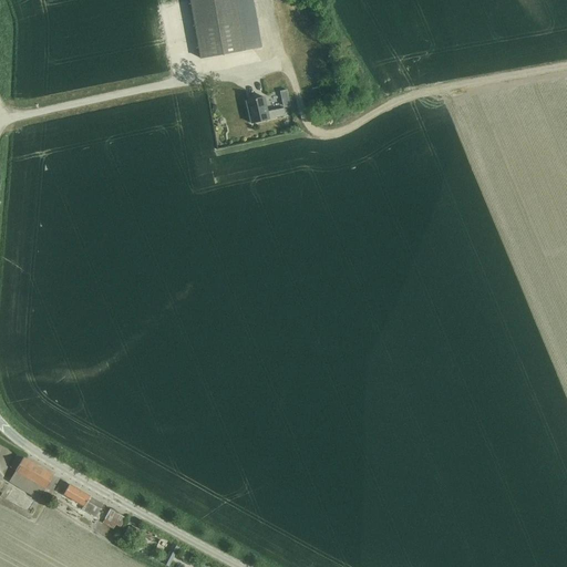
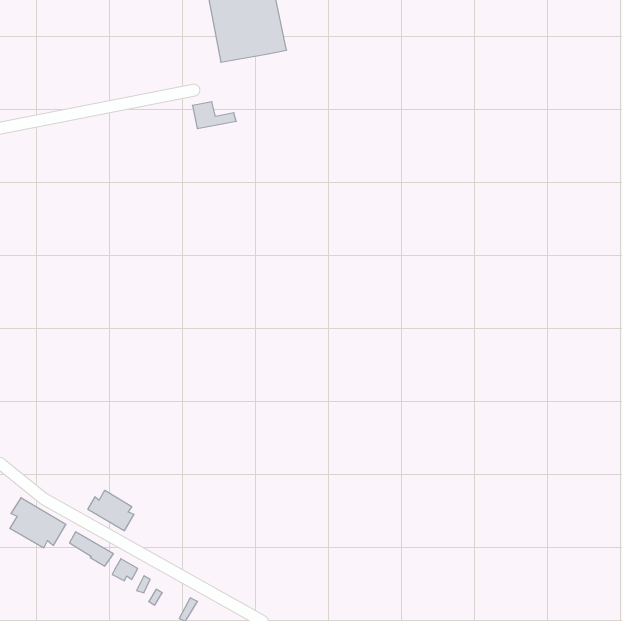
building: [247,96,287,121] -> [192,102,236,129]
building: none -> [88,490,134,531]

